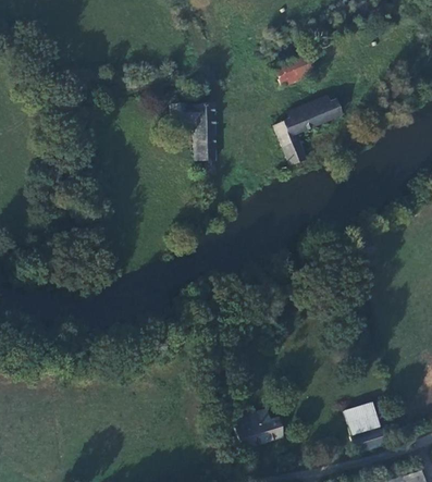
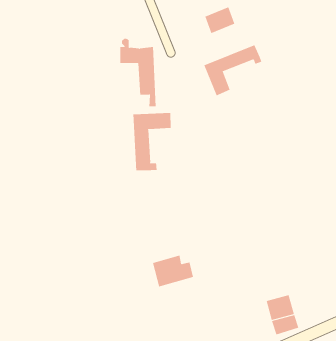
building: none -> [133,112,171,171]
building: [235,407,285,446] -> [152,255,194,287]

